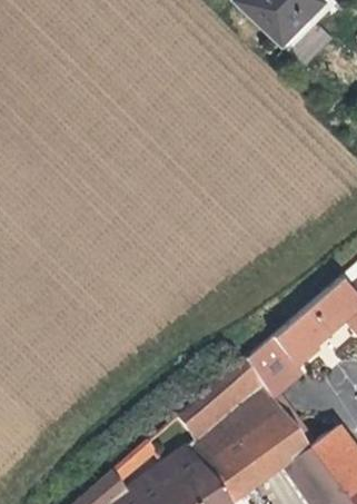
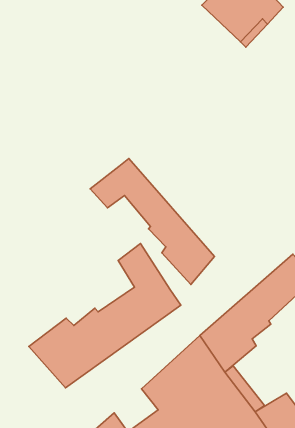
building: none -> [90,158,214,285]
building: none -> [29,244,181,388]

